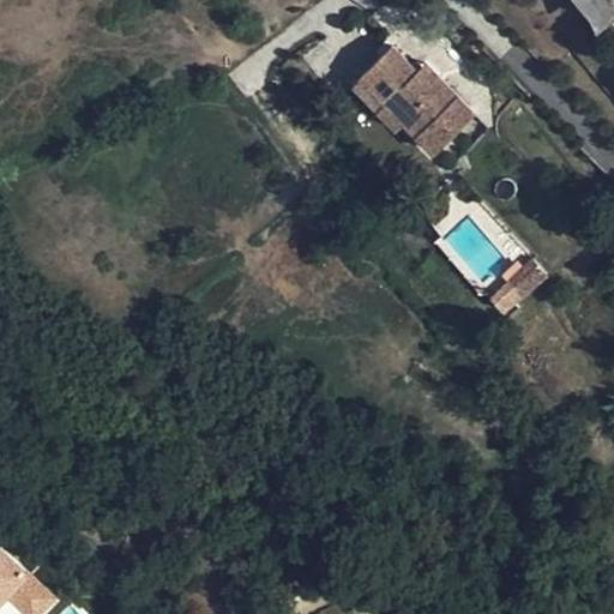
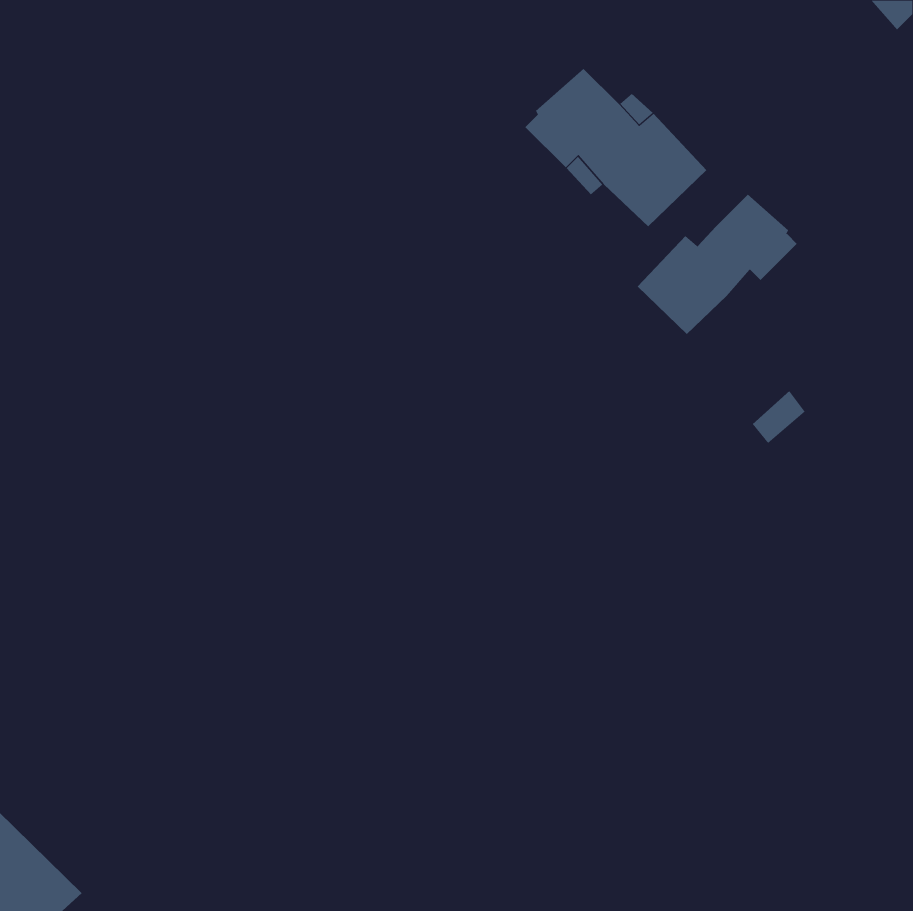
building: none -> [637,194,798,335]

